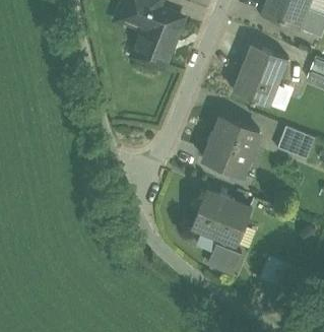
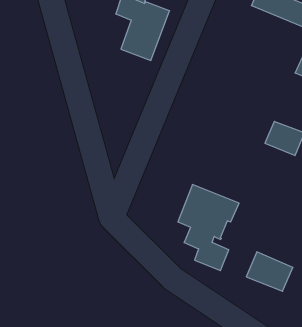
building: [233,44,288,106] -> none
building: [204,116,260,176] -> none

